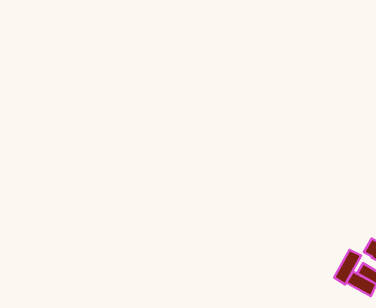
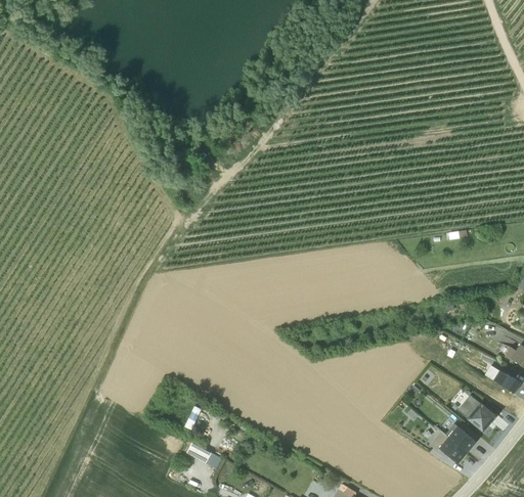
building: [334,250,361,284] -> none

